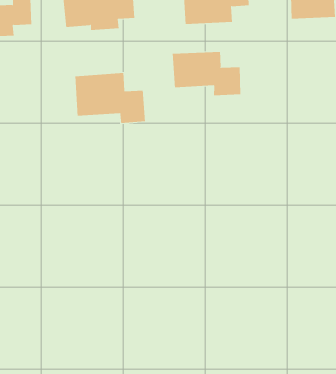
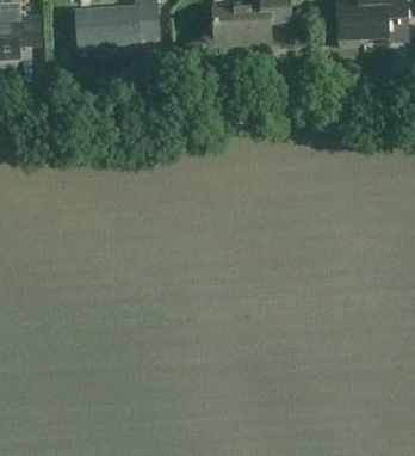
building: [172,51,241,96] -> none
building: [75,72,145,124] -> none

